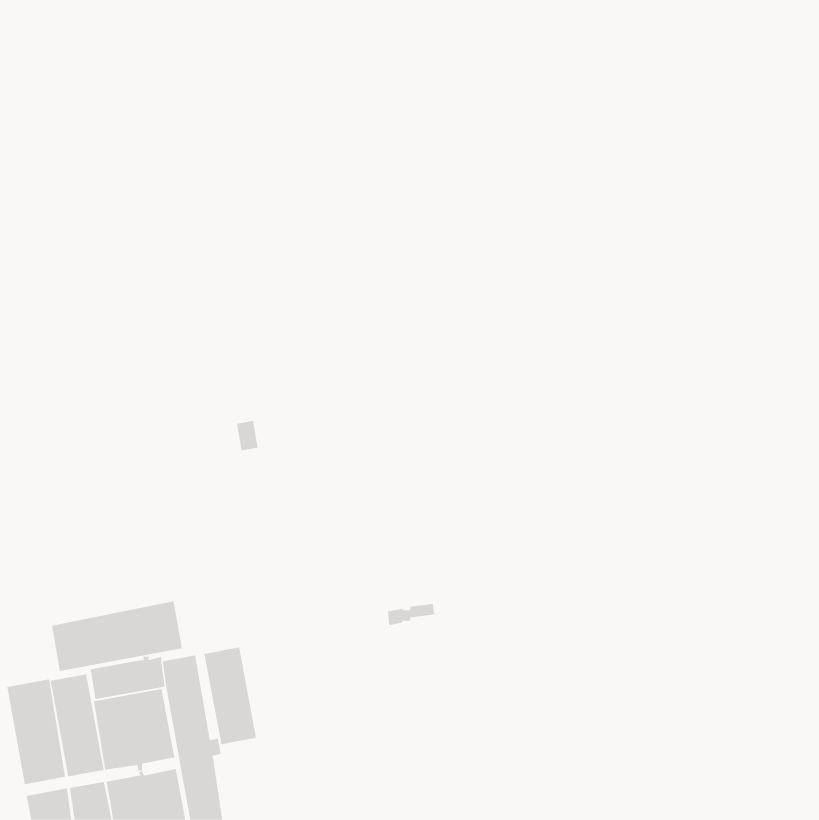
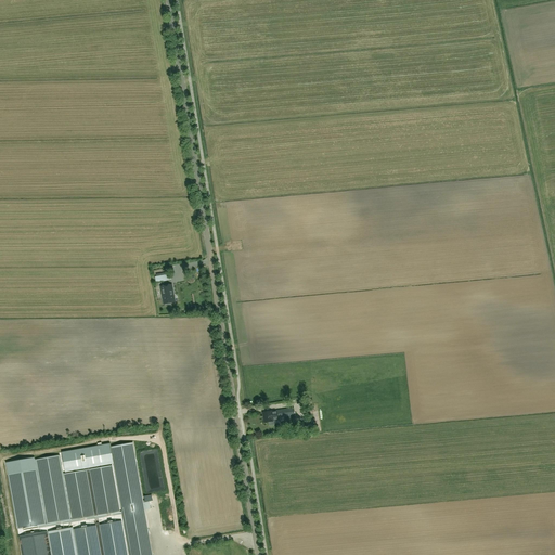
building: [52,601,183,672] -> none
building: [204,647,257,745] -> none

